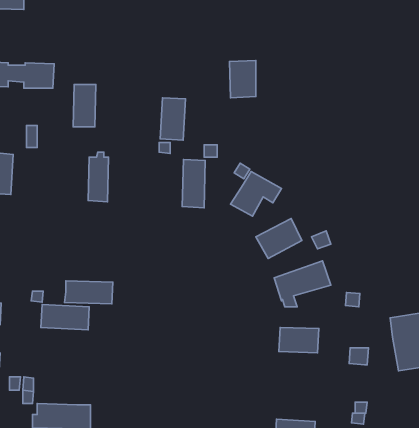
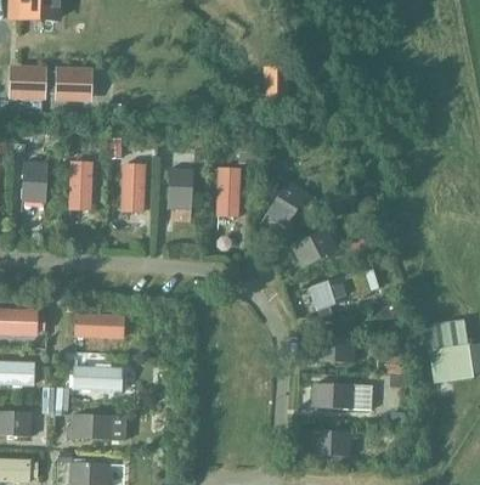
building: [73,84,96,127] -> [69,162,92,204]
building: [160,98,185,140] -> [168,168,193,210]
building: [65,281,113,304] -> [73,367,122,390]
building: none -> [314,383,372,410]

